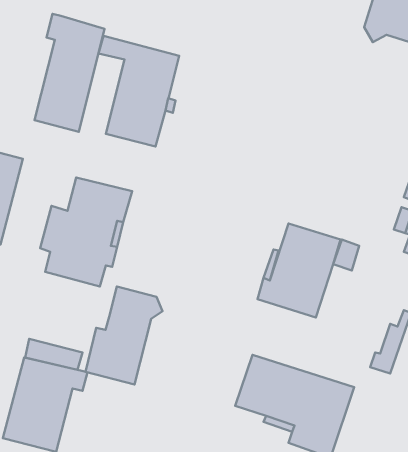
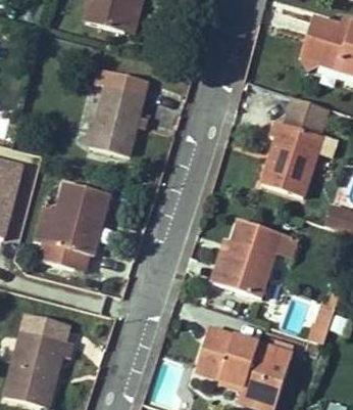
building: [34,14,105,132] -> none
building: none -> [262,96,329,196]
building: [85,287,163,384] -> none

